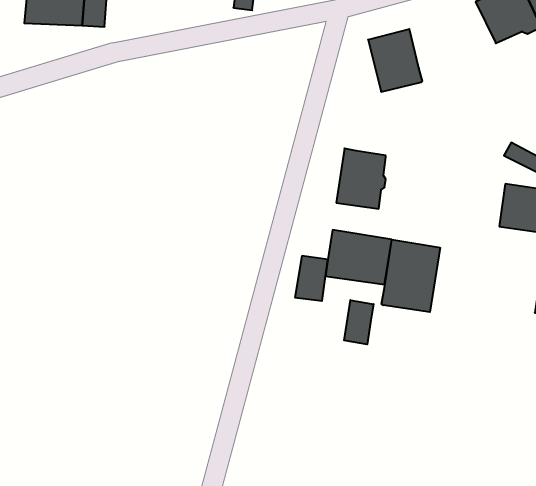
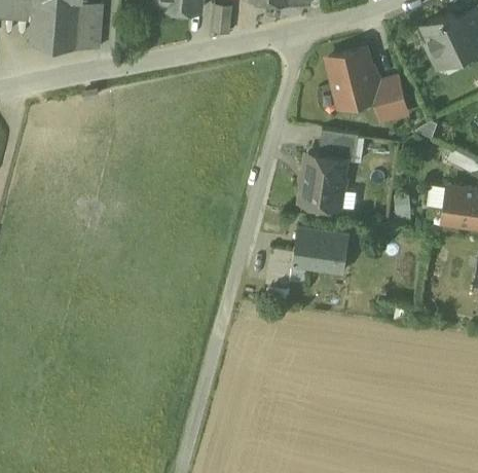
building: none -> [373,79,407,121]
building: none -> [319,131,359,163]
building: [382,240,440,312] -> none
building: [344,300,374,344] -> none

